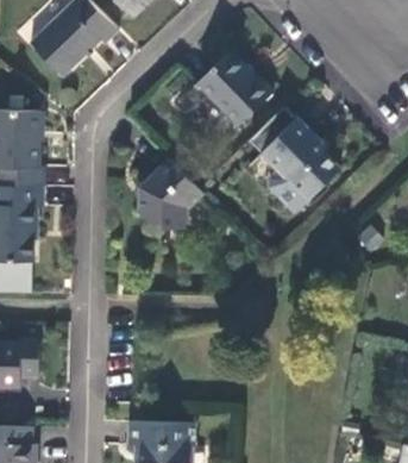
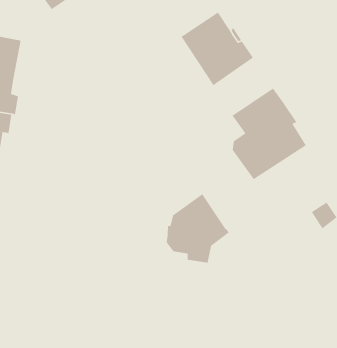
building: [139,158,202,227] -> [166,193,230,264]

